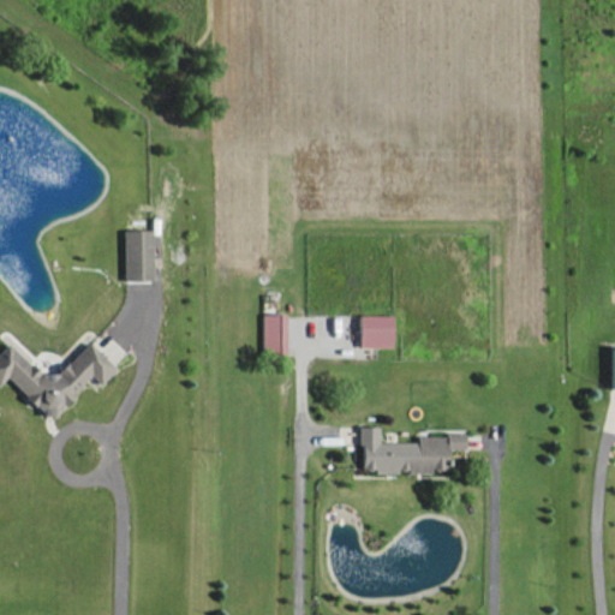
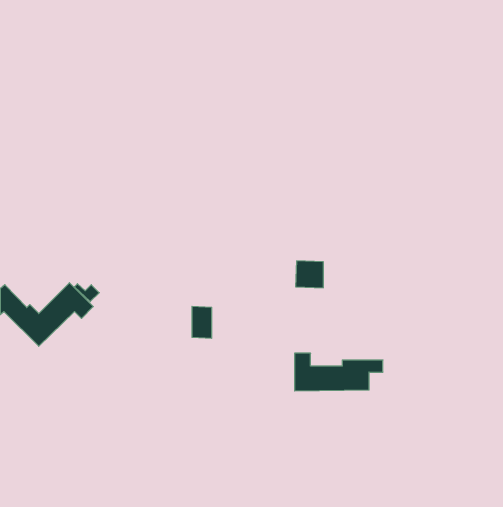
building: [125,231,157,282] -> none
building: [264,315,288,353] -> [192,306,212,338]

